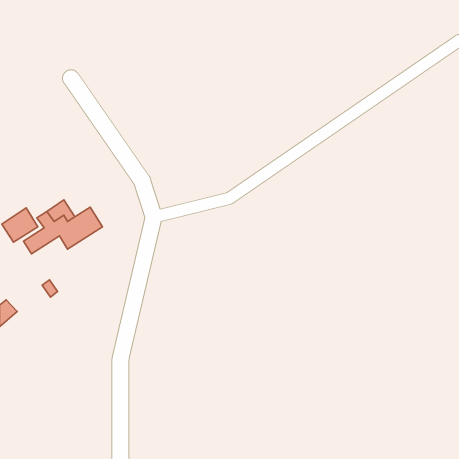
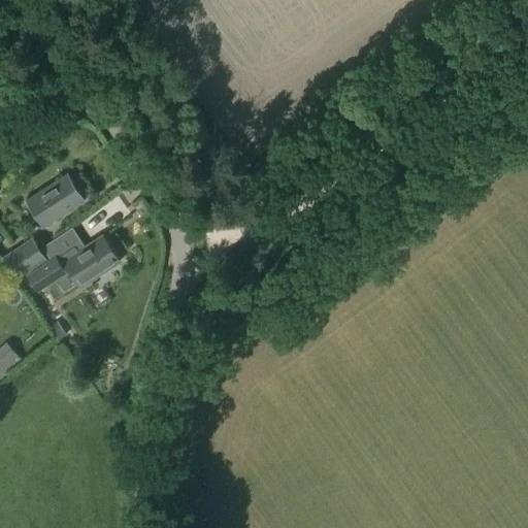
building: none -> [26,175,82,227]

